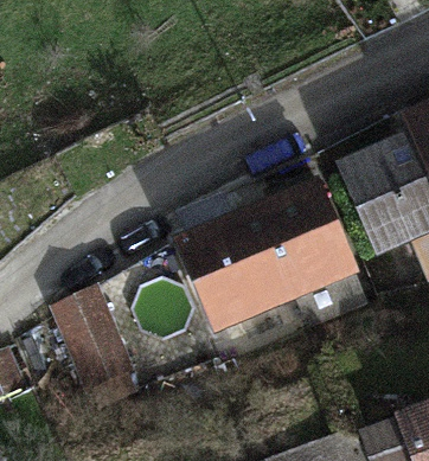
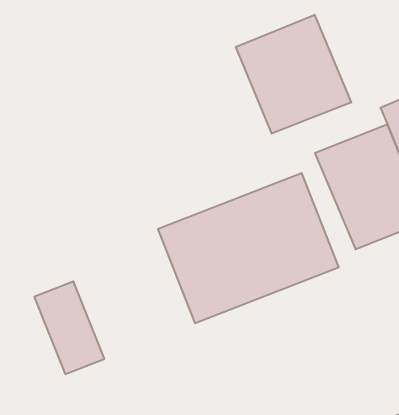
building: none -> [236,15,351,134]

